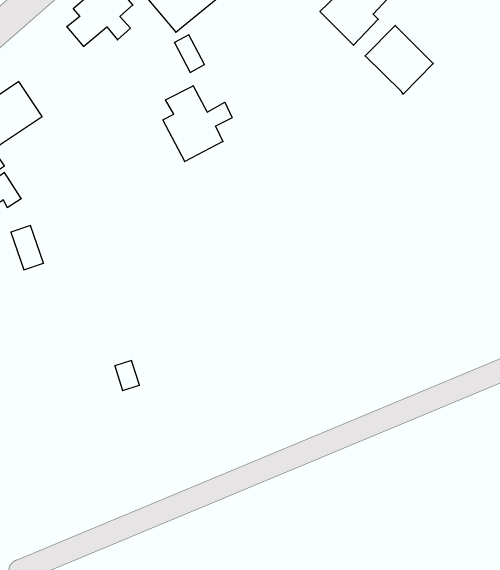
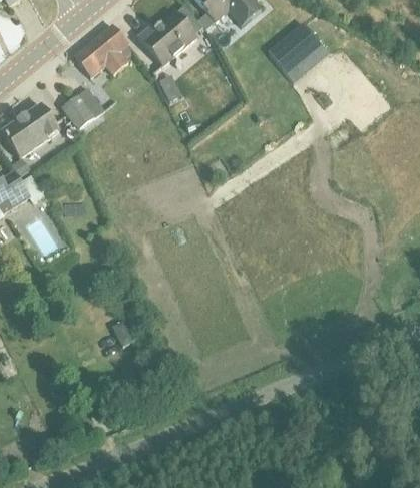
building: [365,25,433,94] -> none
building: none -> [61,88,103,130]
building: [163,86,232,162] -> none

